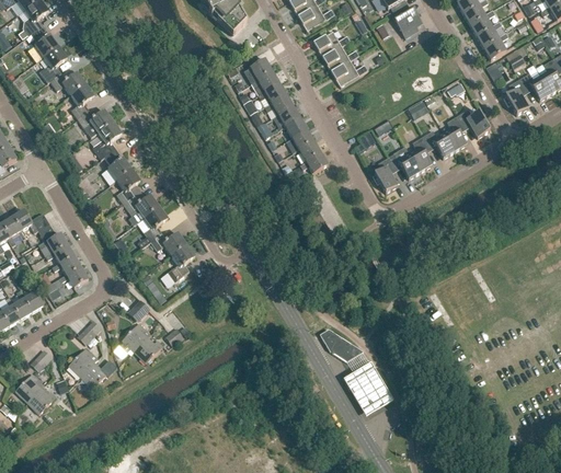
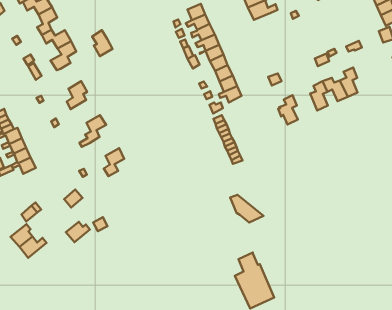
building: [331,59,367,85] -> none
building: [457,108,489,136] -> none
building: [388,146,420,177] -> none
building: [105,147,131,178] -> [92,30,113,56]
building: [123,189,159,217] -> none
building: [150,231,186,254] -> none
building: [118,322,148,351] -> none
building: [319,328,362,360] -> [230,195,263,222]

